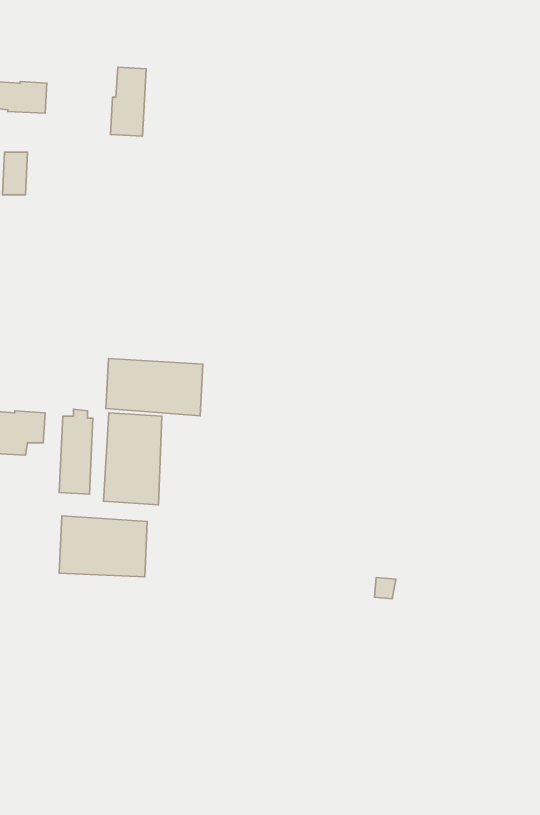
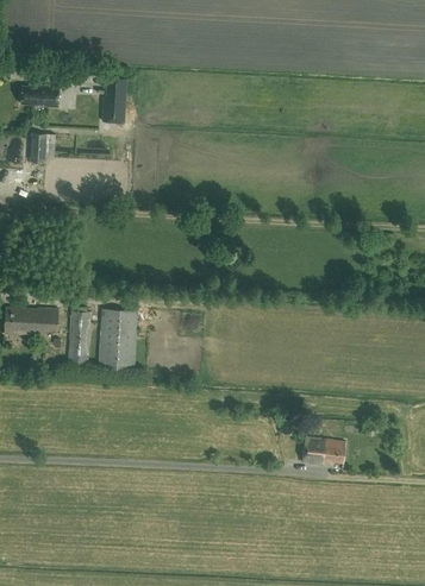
building: [106,358,203,416] -> none
building: [59,516,147,577] -> none
building: none -> [302,437,345,464]

